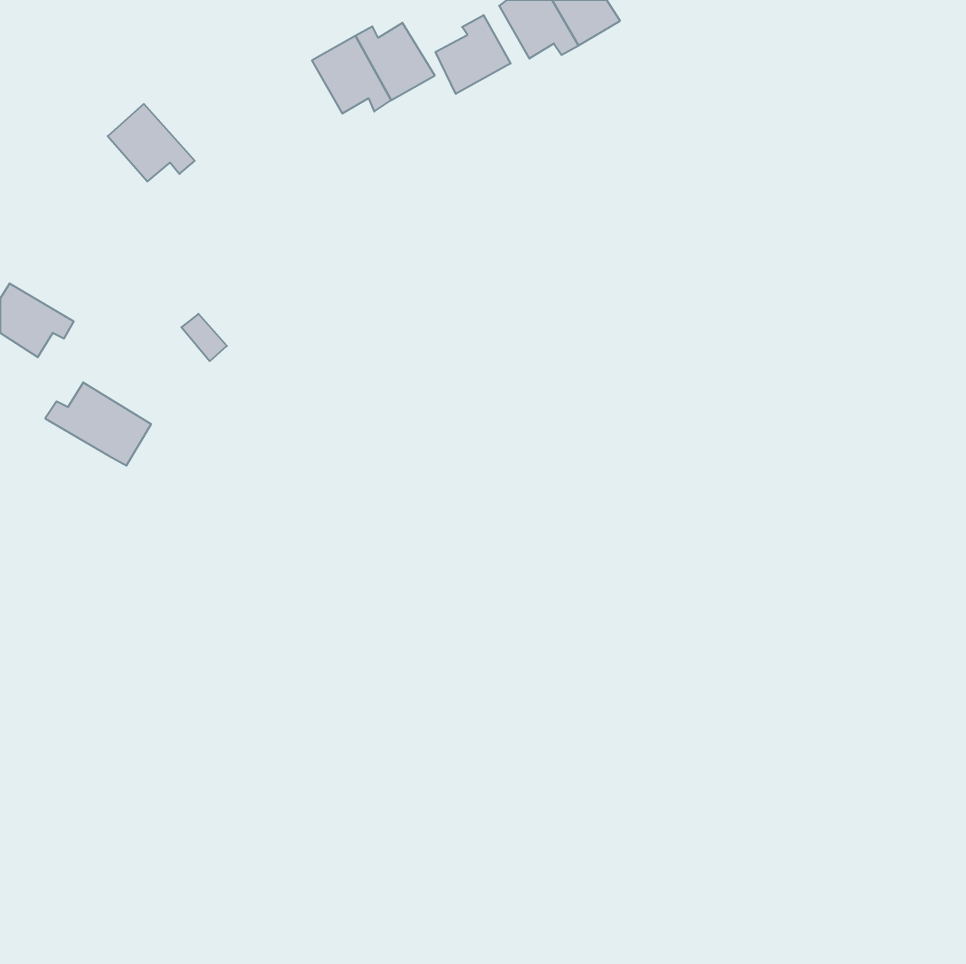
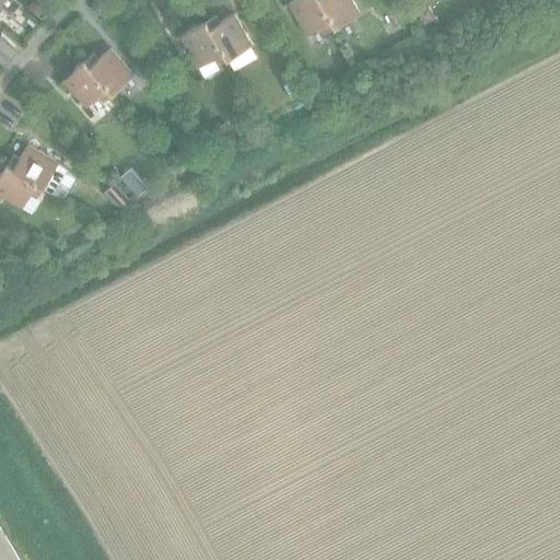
building: [436,15,511,94] -> none
building: none -> [83,48,133,94]
building: [45,382,151,466] -> [5,144,67,192]

